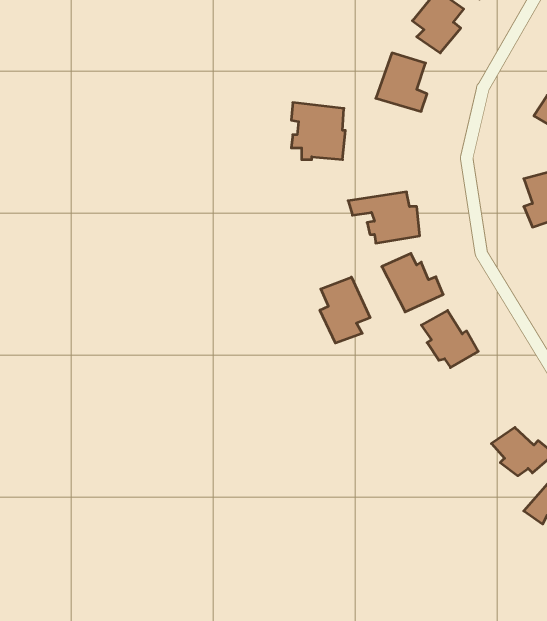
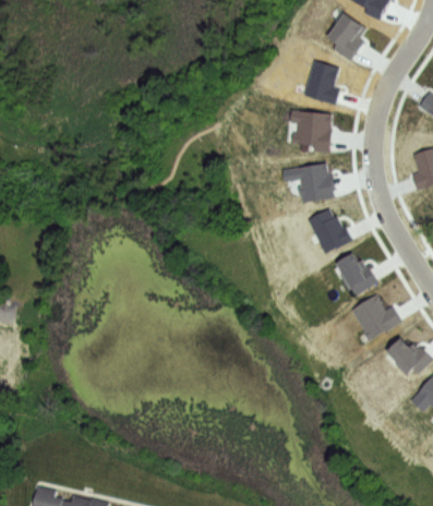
building: [291,103,345,160] -> [290,109,330,152]
building: [320,277,370,343] -> none
building: none -> [350,294,402,340]

